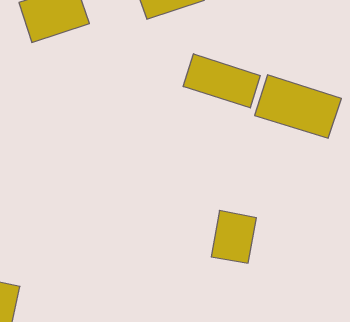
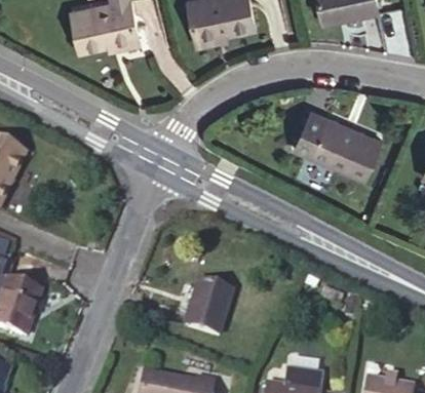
building: [183,54,260,108] -> none
building: [211,210,256,263] -> [184,279,233,335]

